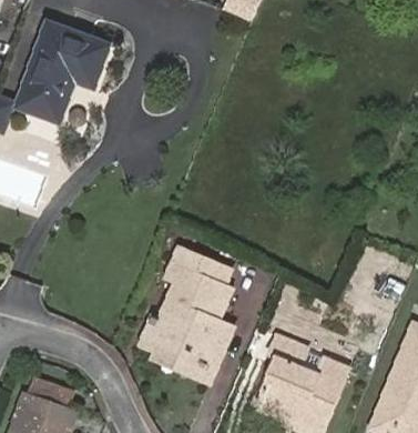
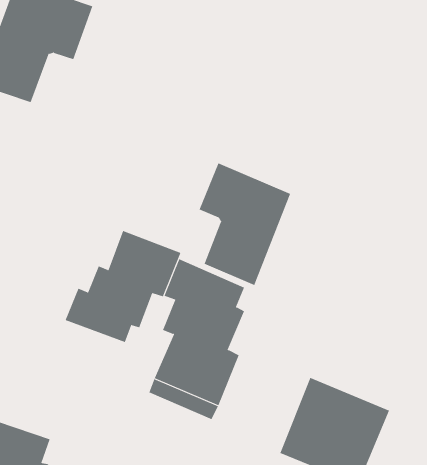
building: none -> [199,163,291,286]
building: none -> [65,230,181,343]

